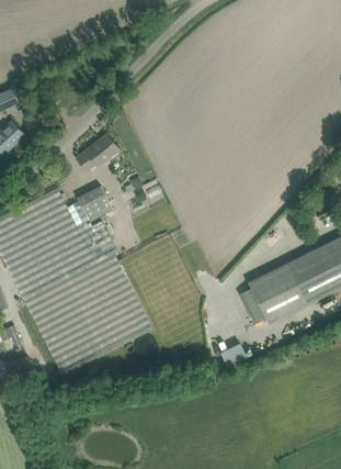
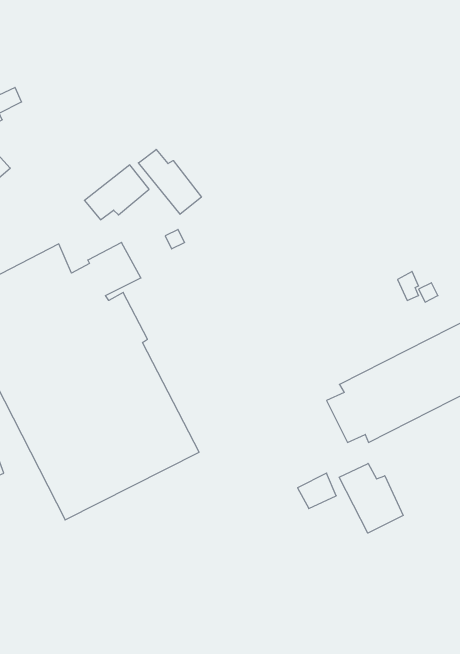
building: none -> [138,149,201,214]
building: none -> [339,463,403,533]

